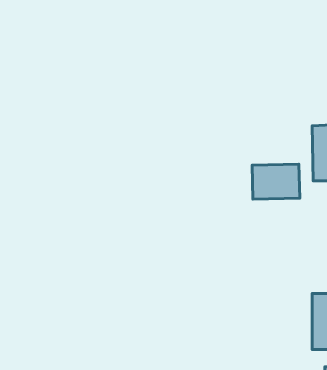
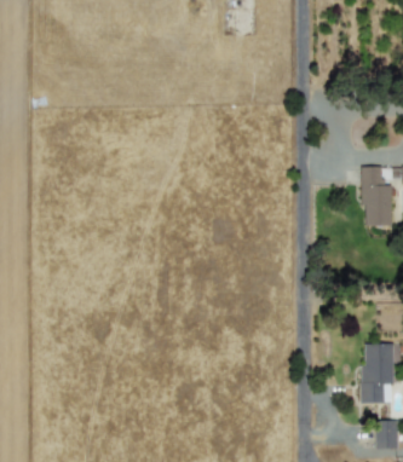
building: [252,164,300,199] -> none

